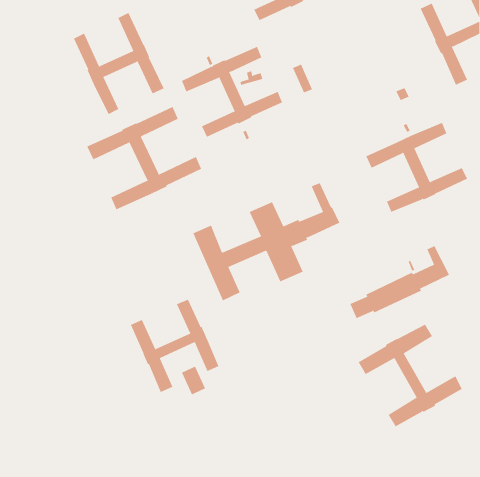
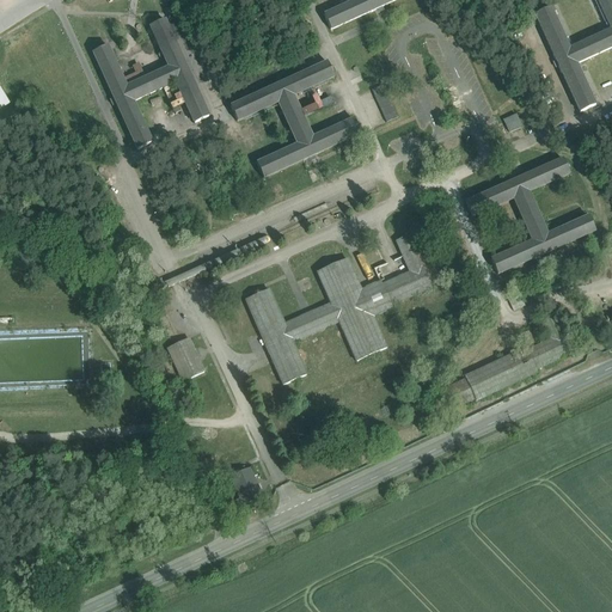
building: [87,106,202,210] -> none
building: none -> [167,335,204,379]
building: [130,299,219,393] -> none
building: [358,324,463,427] -> none

